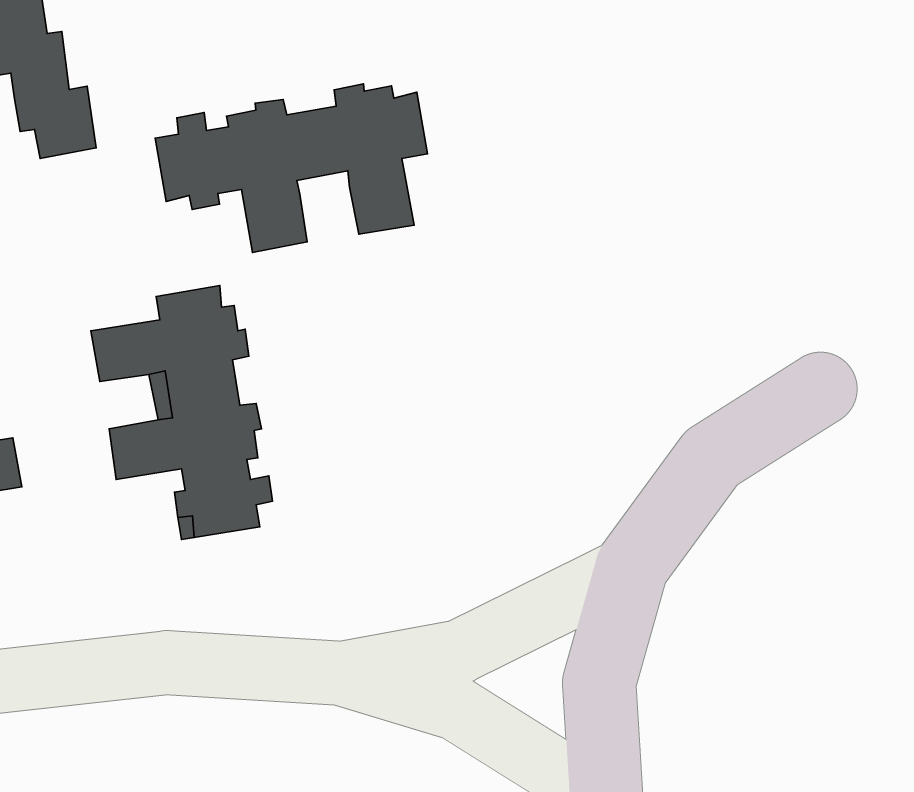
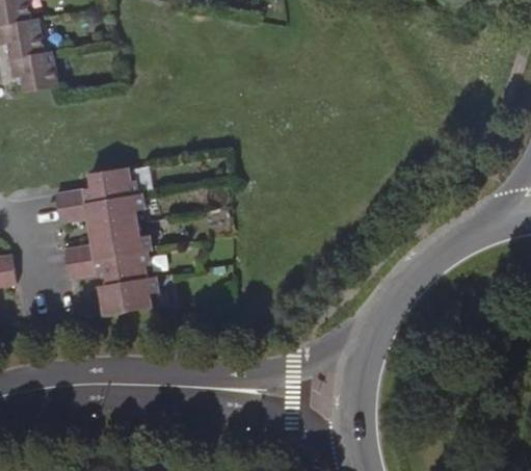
building: [155,84,427,253] -> none

